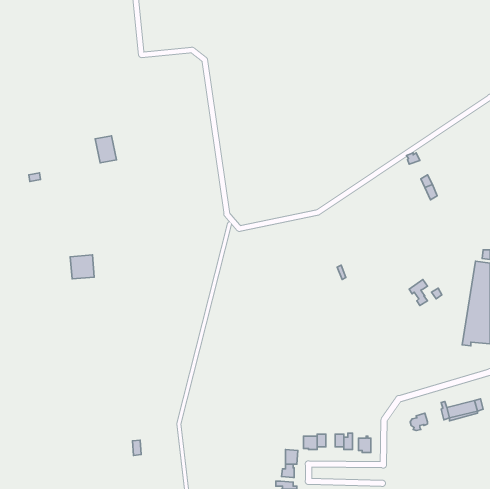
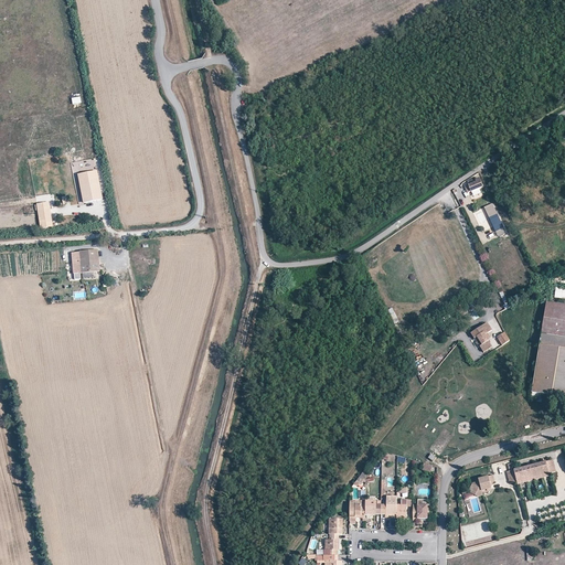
building: [95,136,116,163] -> [77,169,102,200]
building: [70,255,94,279] -> [71,248,98,276]

